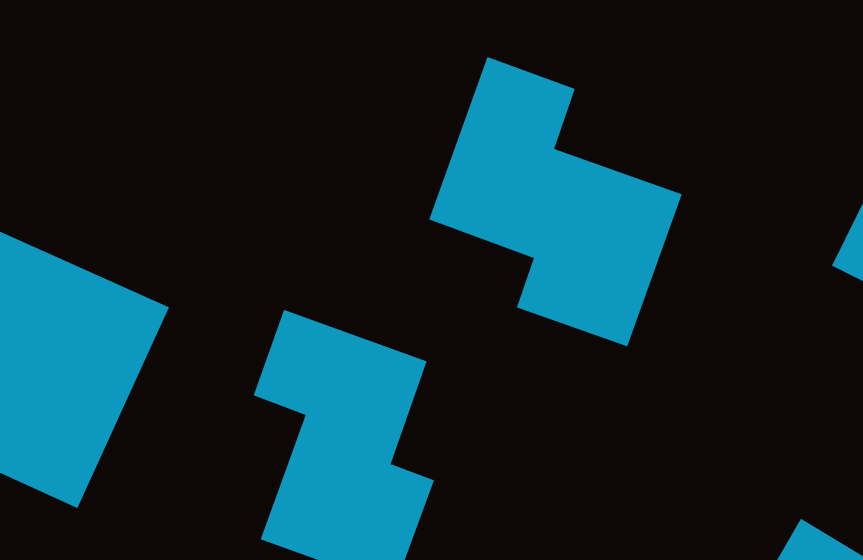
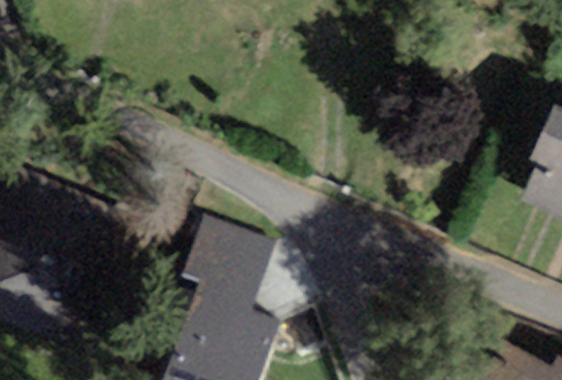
building: [429,56,683,347] -> none

